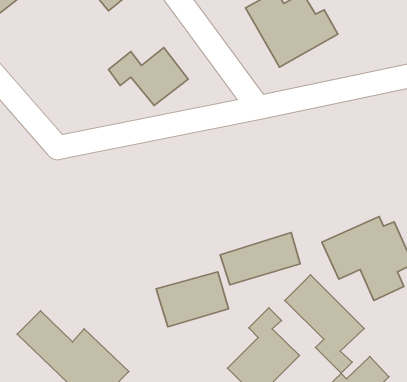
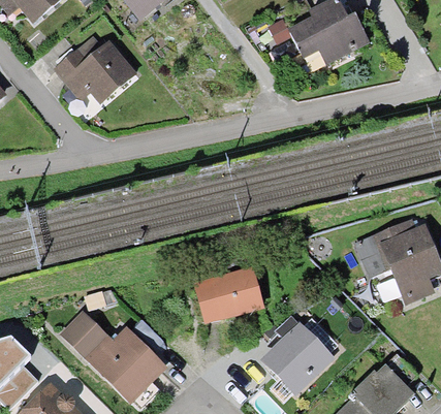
building: [109,47,188,106] -> [57,45,134,102]
building: [220,232,300,285] -> none
building: [285,275,364,373] -> none

